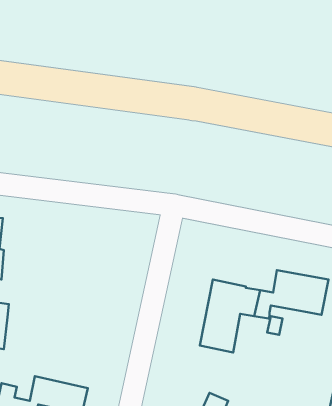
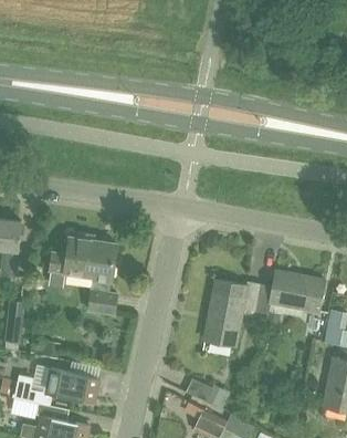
building: none -> [46,237,117,315]

